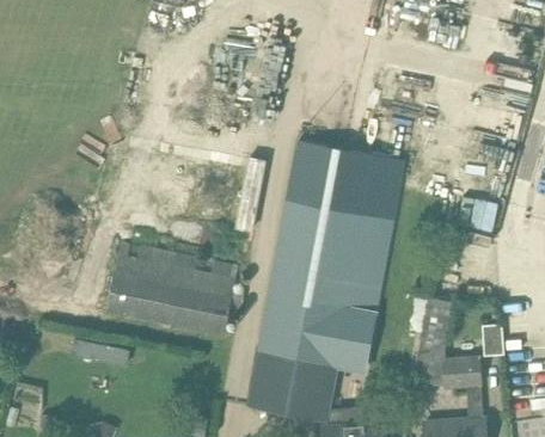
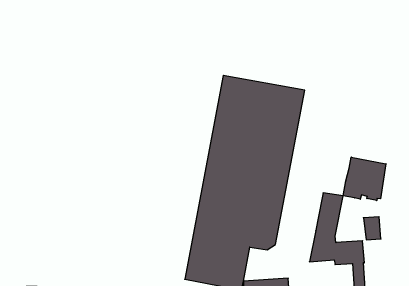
building: [105,242,245,337] -> none
building: none -> [343,157,386,201]

